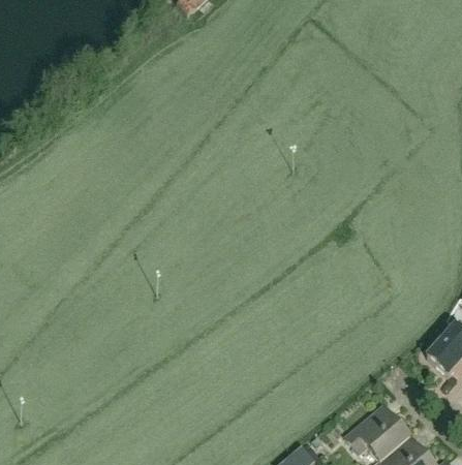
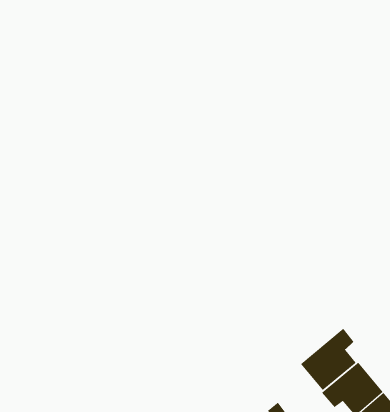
building: none -> [300,328,357,391]

